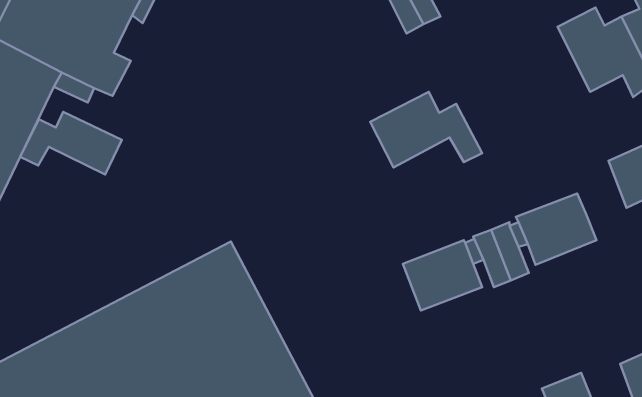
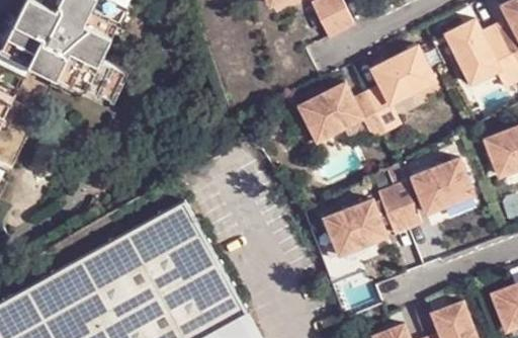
building: none -> [364,46,433,132]
building: [20,112,122,174] -> none

